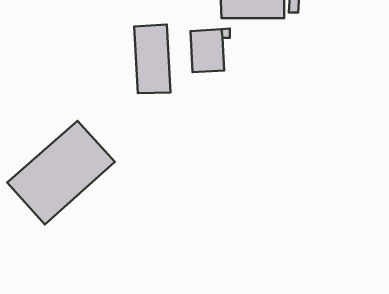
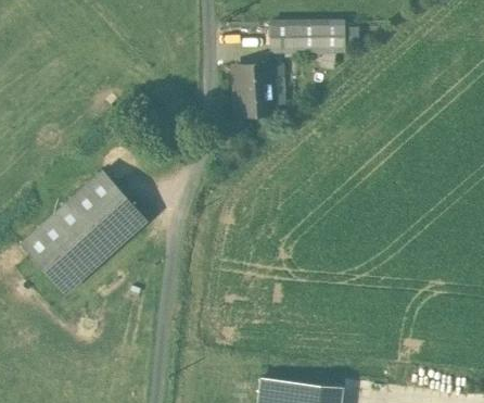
building: [134,25,171,93] -> none

